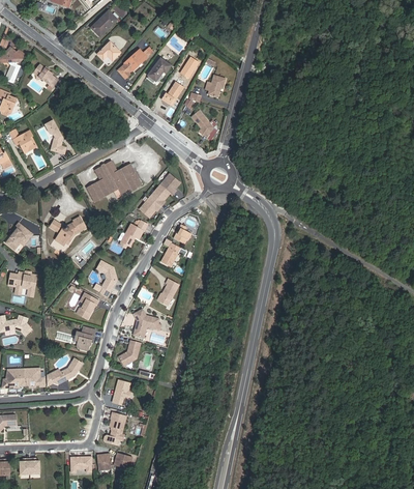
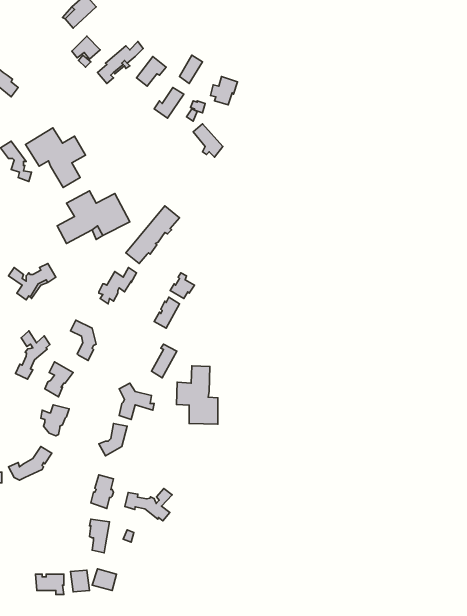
building: none -> [25,128,86,188]
building: none -> [16,331,50,379]
building: none -> [177,366,218,424]
building: none -> [125,489,172,521]

